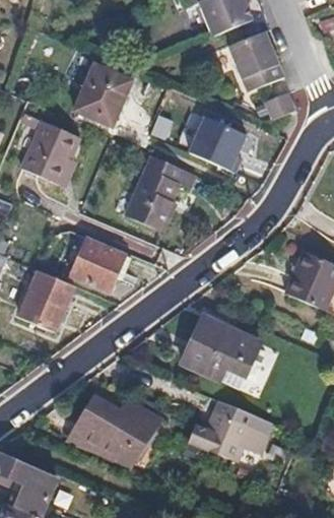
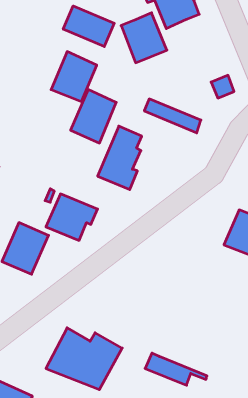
building: none -> [63,6,114,47]
building: [228,30,283,90] -> [121,13,167,63]
building: [24,119,79,183] -> [71,90,116,143]
building: [181,316,258,387] -> none
building: [205,402,269,453] -> none

